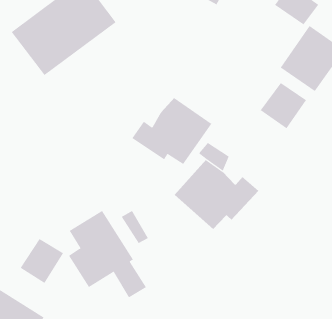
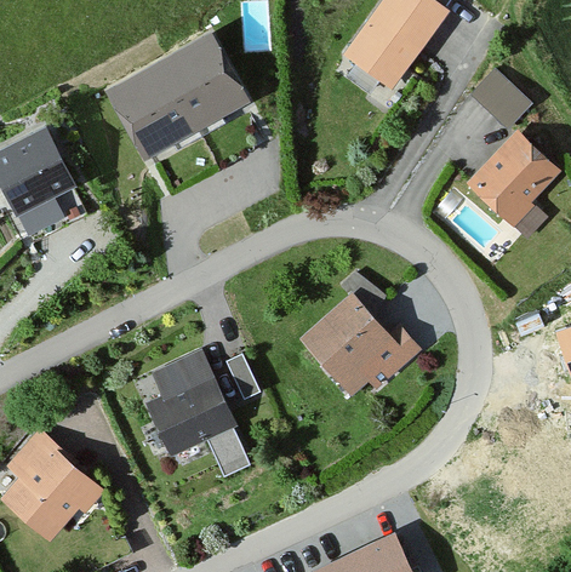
building: [260,82,307,129] -> none
building: [132,97,212,165] -> none
building: [20,238,64,284] -> none

